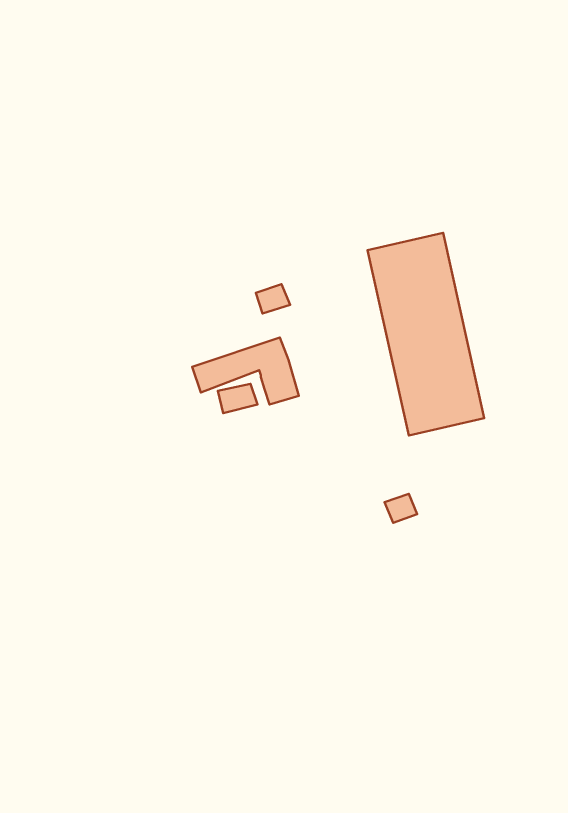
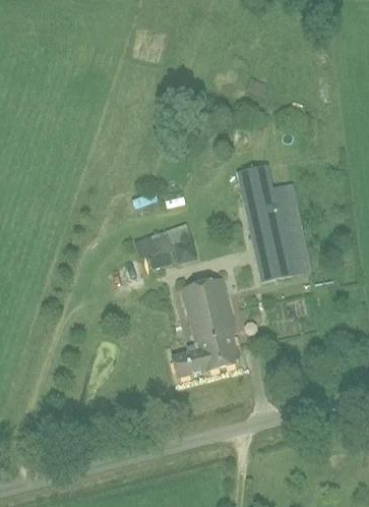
building: none -> [173,277,241,377]

